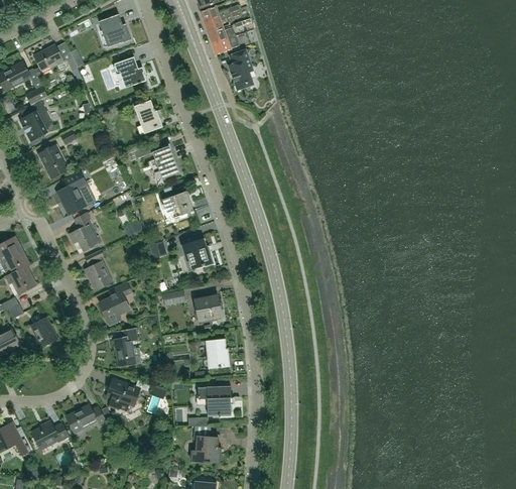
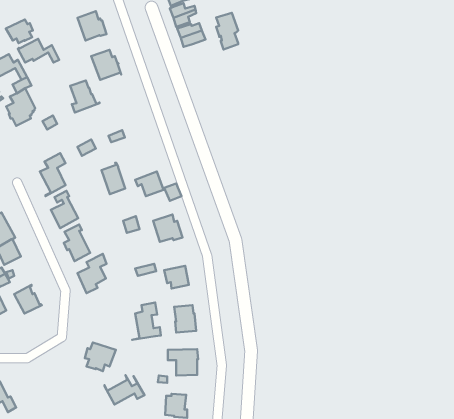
building: none -> [6,20,33,43]
building: [229,50,253,91] -> [216,13,238,50]
building: [134,101,166,136] -> [70,80,99,112]
building: [153,144,179,178] -> [102,163,125,194]
building: [38,145,70,179] -> none
building: [111,328,142,369] -> [132,302,161,340]
building: [63,400,108,433] -> [104,375,145,404]
building: [31,421,70,448] -> none

